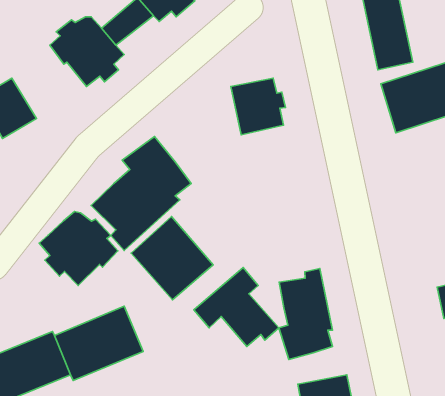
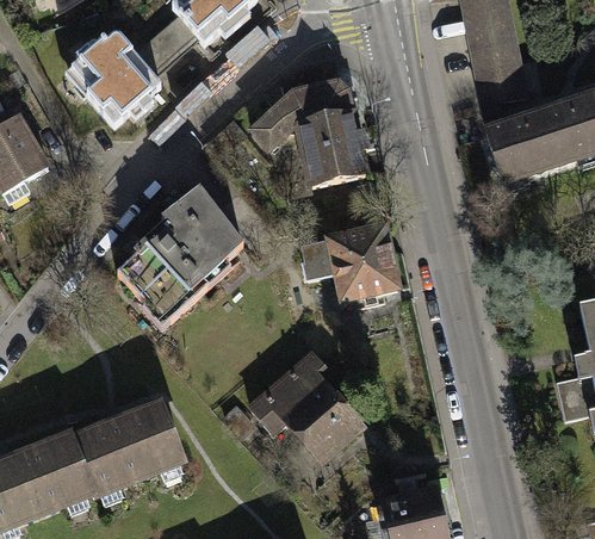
building: none -> [249,80,349,148]
building: none -> [298,228,395,299]
building: [39,212,118,285] -> none
building: [131,217,213,300] -> none
building: [279,268,333,359] -> none

